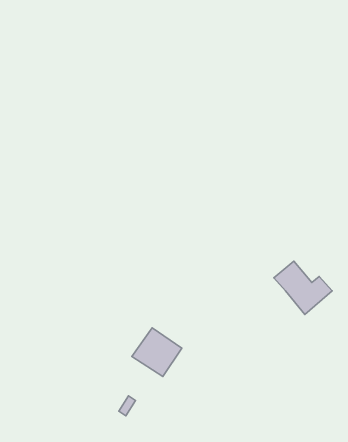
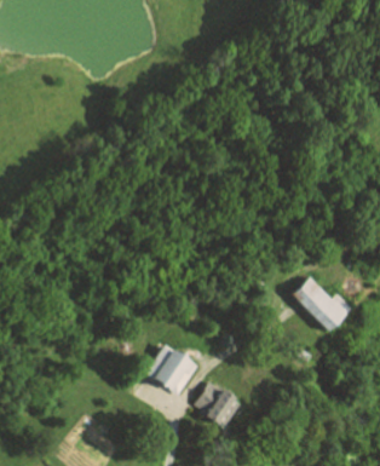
building: none -> [196,382,238,426]

